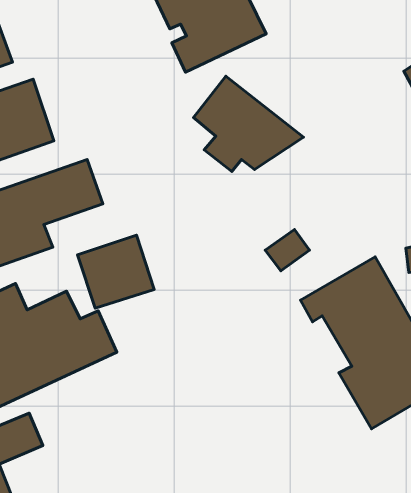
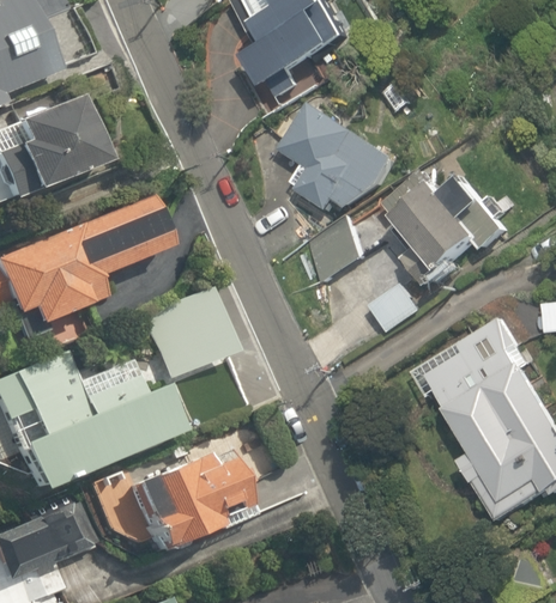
building: none -> [383,160,494,288]
building: none -> [301,220,364,279]
building: none -> [85,444,256,560]

